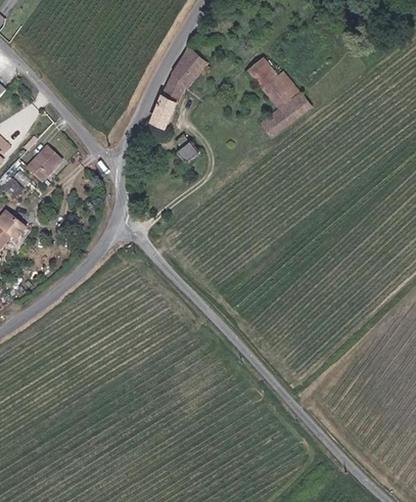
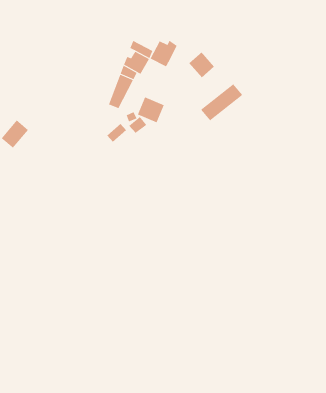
building: none -> [150,40,177,67]
building: [263,78,298,113] -> none
building: none -> [137,96,165,123]

